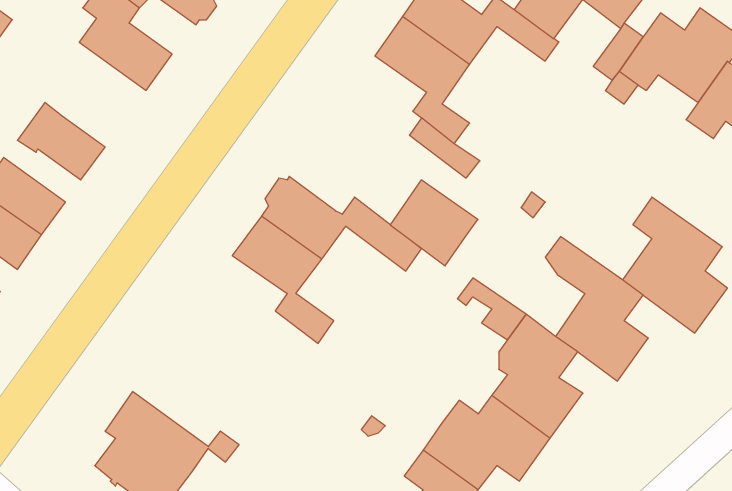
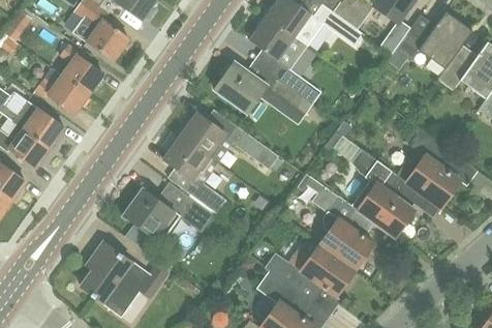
building: none -> [59,44,101,95]
building: [390,180,478,266] -> [214,61,267,113]
building: none -> [123,186,214,244]

